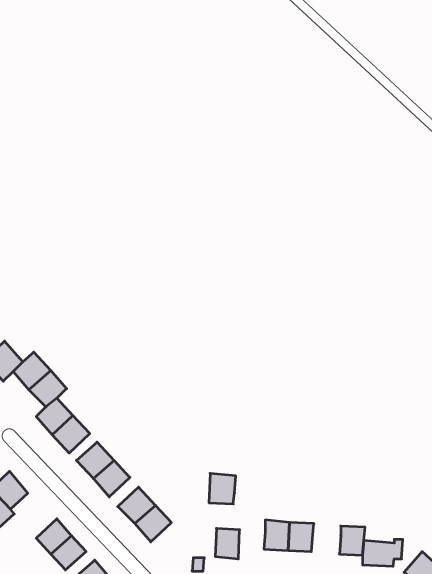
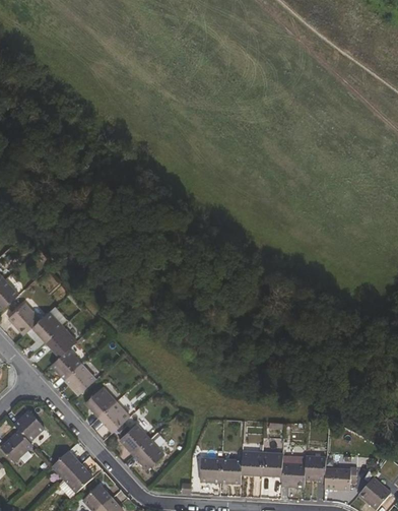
building: [209,473,236,504] -> [219,458,242,484]
building: none -> [280,462,305,487]

